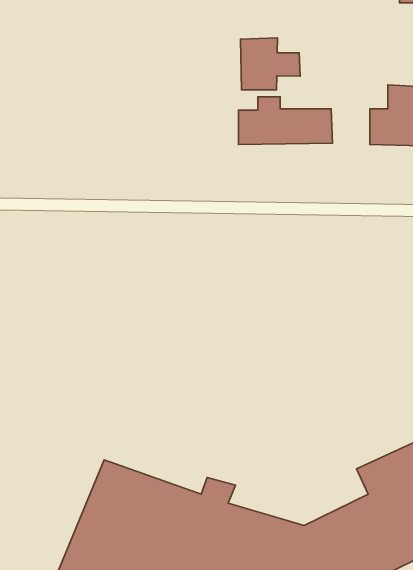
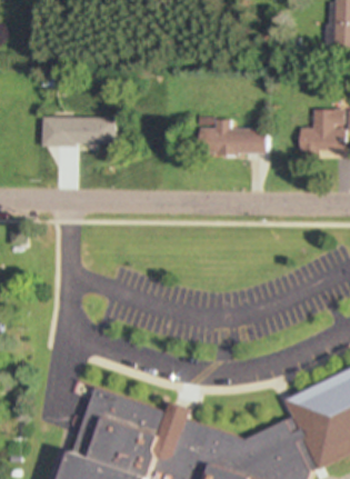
building: [241,38,300,90] -> none
building: none -> [48,117,112,146]

